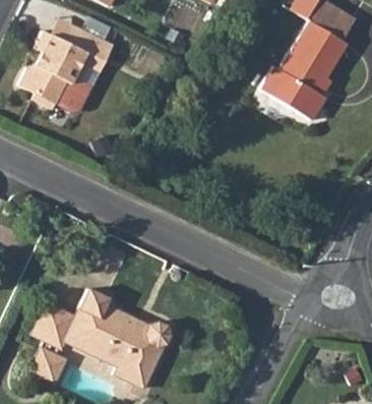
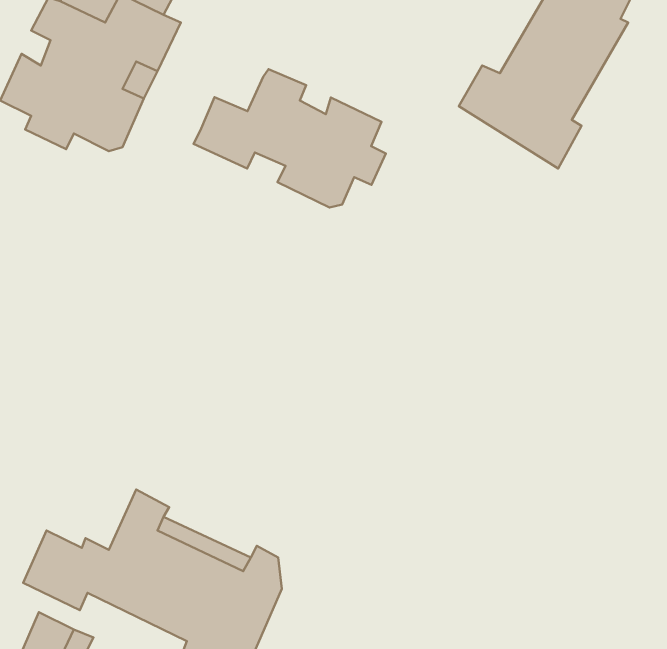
building: none -> [193,69,386,208]

